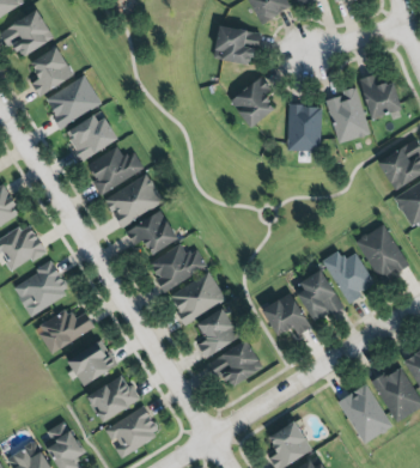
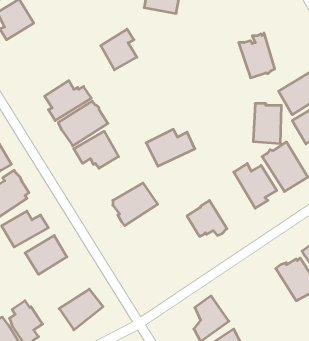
building: [361,74,403,118] -> none
building: [229,75,273,126] -> [101,29,137,70]
building: [48,77,103,130] -> none
building: [288,104,323,153] -> [253,104,281,143]
building: [68,113,120,164] -> none
building: [147,244,207,290] -> [146,129,195,166]
building: [292,268,341,322] -> none
building: [195,308,238,357] -> none
building: [208,342,260,390] -> none
building: [84,372,138,421] -> none
building: [337,383,391,443] -> none

